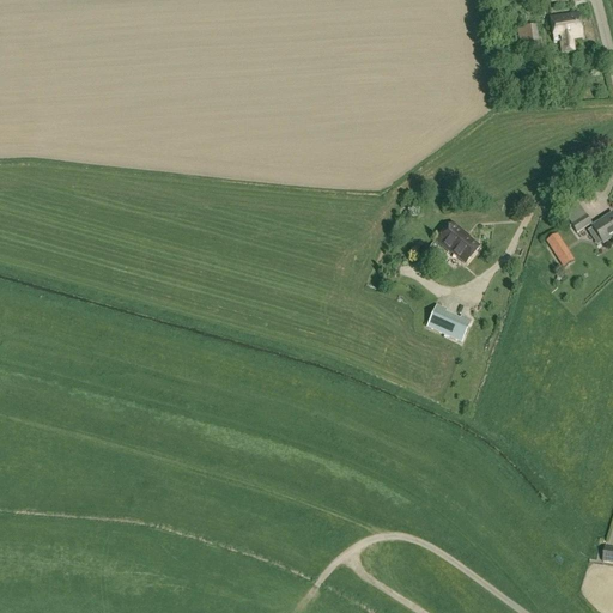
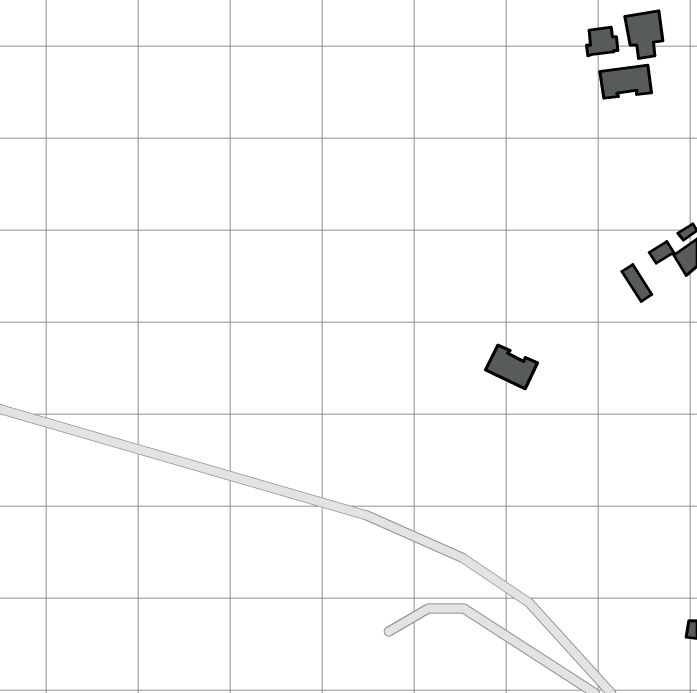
building: none -> [600,65,651,98]
building: [437,221,479,261] -> none

